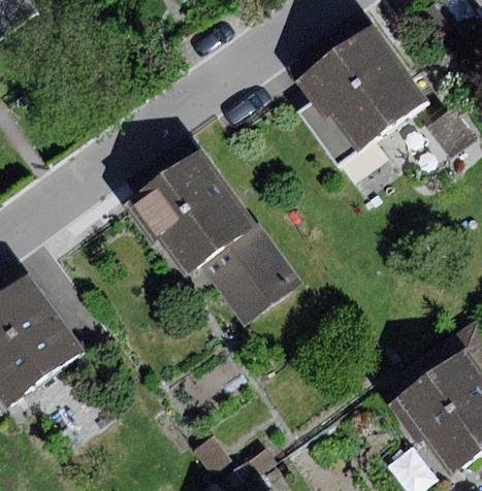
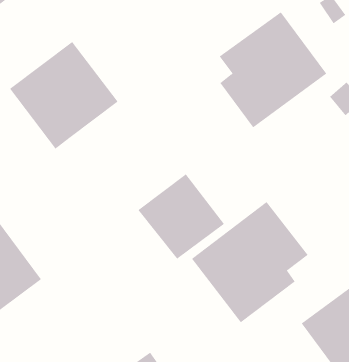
building: [124,146,256,277] -> [9,41,119,149]
building: none -> [191,201,309,323]

